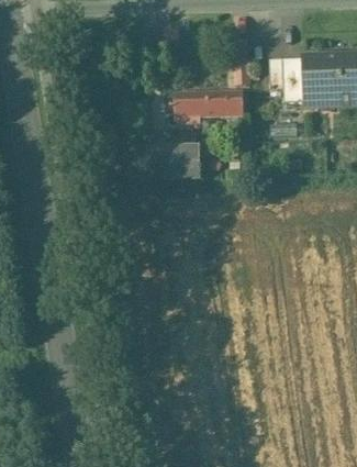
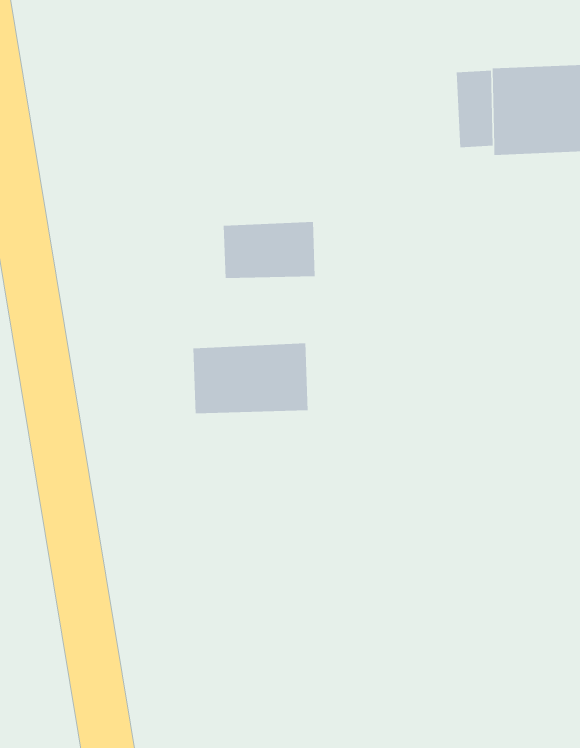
building: [172,90,243,124] -> none
building: none -> [193,342,308,414]

